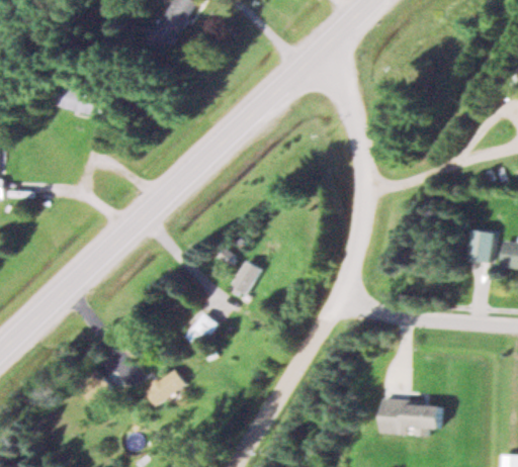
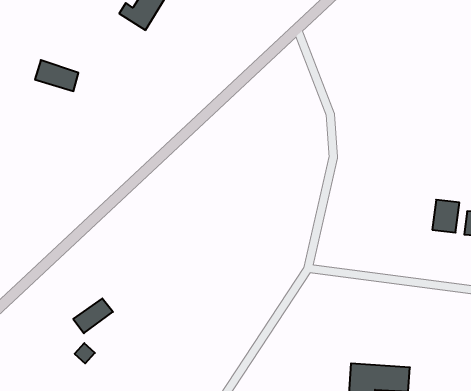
building: [231,259,262,293] -> none
building: [186,311,220,347] -> none
building: [147,370,188,406] -> [73,298,113,333]

